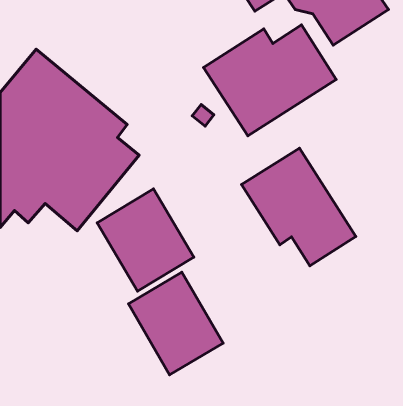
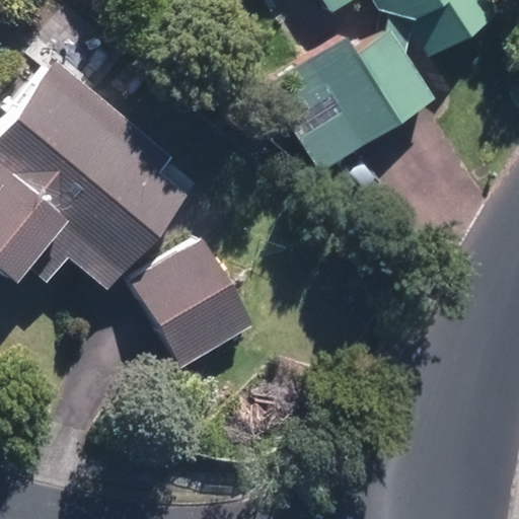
building: [241,148,356,266] -> none
building: [128,272,223,375] -> none

